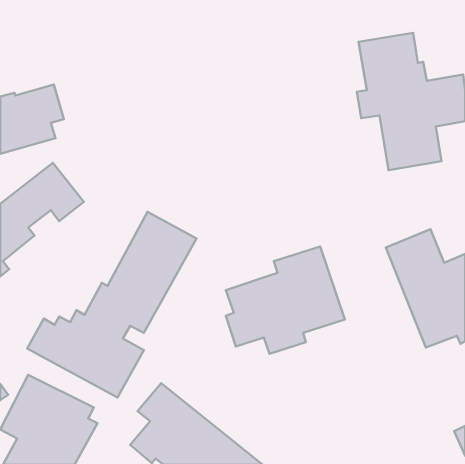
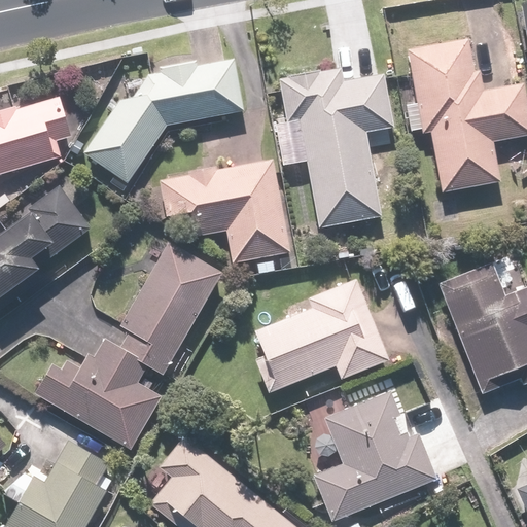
building: none -> [81,57,247,183]
building: none -> [276,68,394,230]
building: none -> [157,161,290,266]
building: none -> [311,391,437,522]

